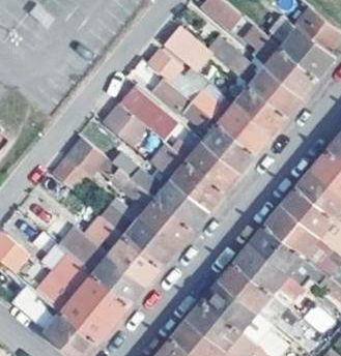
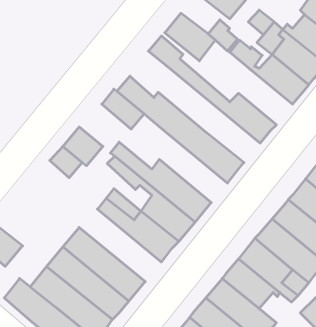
building: [152,79,255,172] -> none
building: [234,83,286,136] -> none
building: [146,141,224,210] -> none
building: [82,215,161,286] -> none

